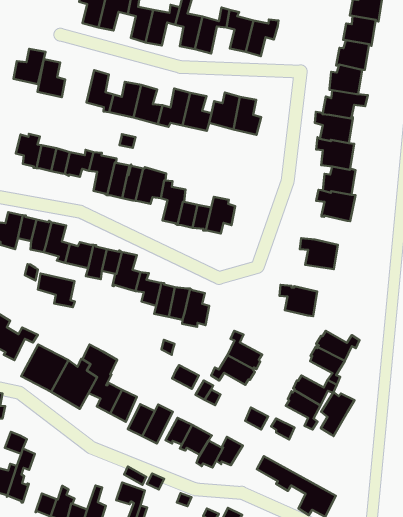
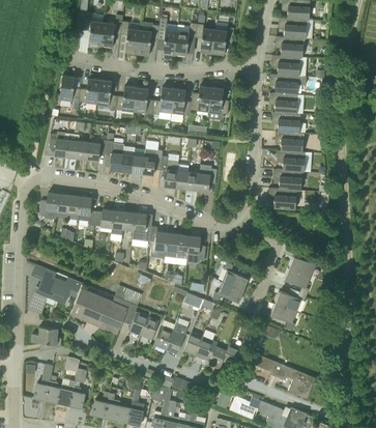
building: [14,49,46,84] -> [79,79,100,105]
building: [38,274,75,307] -> none
building: [279,285,317,316] -> [273,170,301,191]
building: [321,392,354,436] -> none

